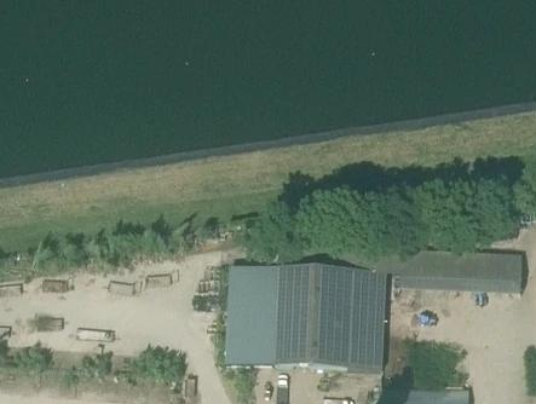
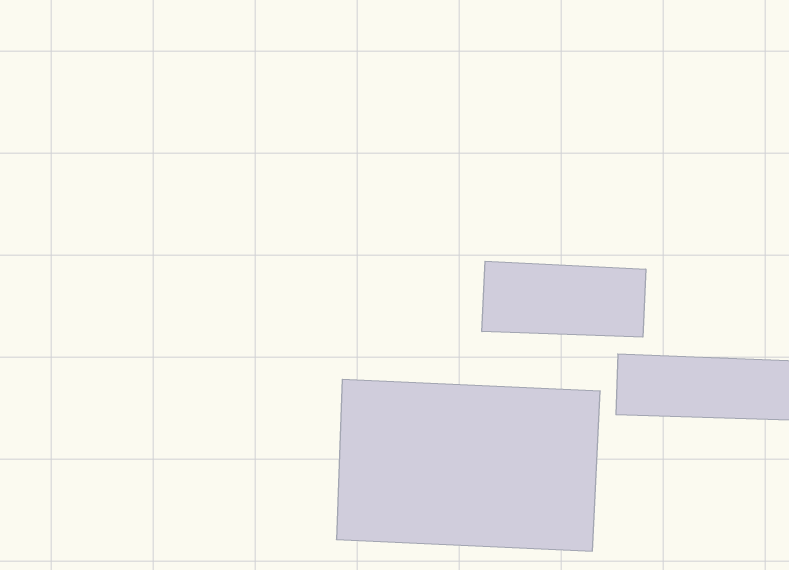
building: none -> [482,261,646,337]

